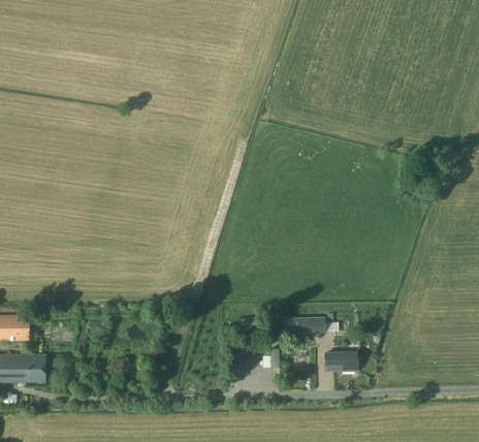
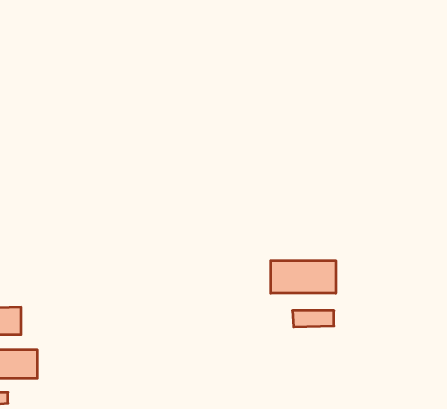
building: none -> [271,261,336,293]
building: [325,352,356,370] -> none

